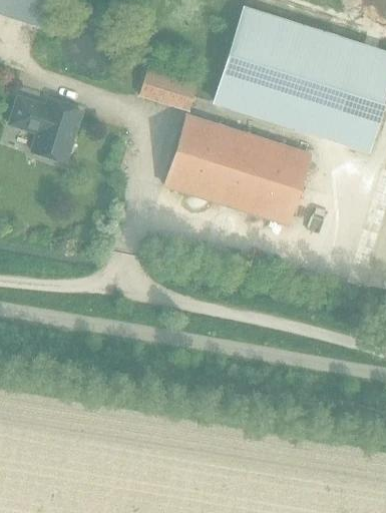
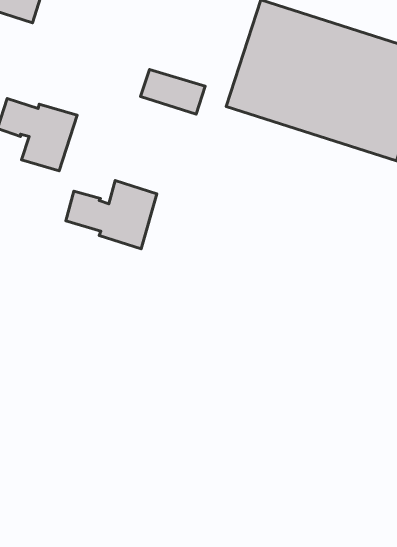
building: [164,114,309,223] -> none
building: none -> [66,181,157,249]

